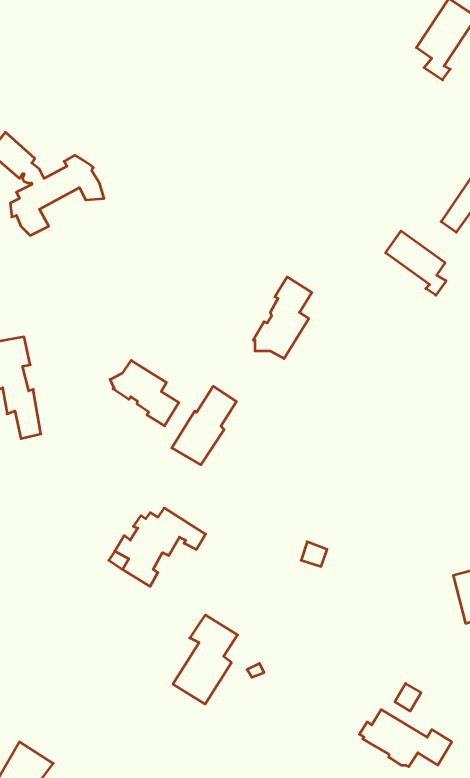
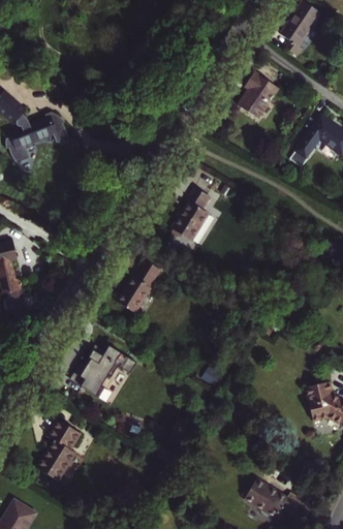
building: none -> [239,73,279,120]
building: [386,231,446,295] -> none
building: [110,360,179,426] -> none
building: [173,615,238,704] -> [37,423,81,483]

